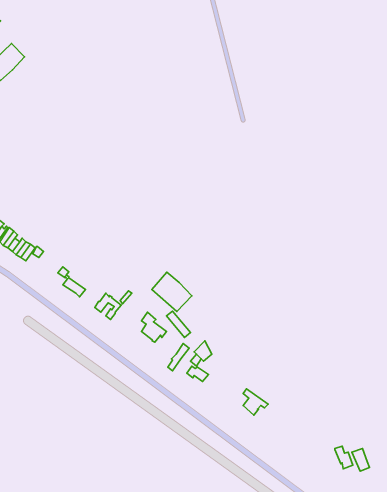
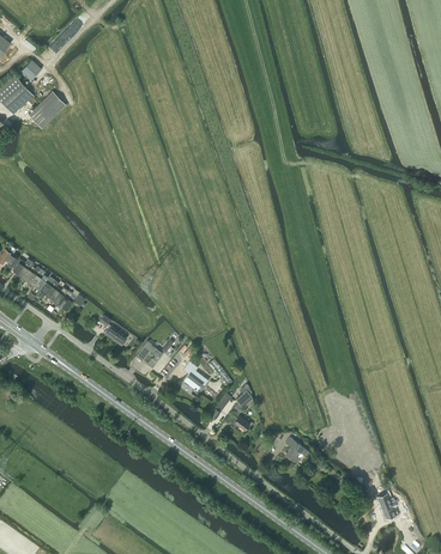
building: [152,272,192,312] -> none

